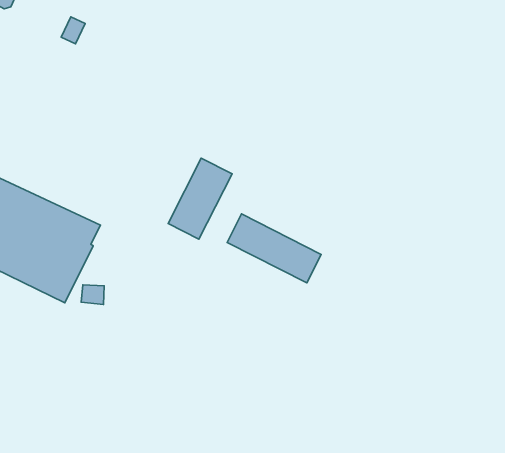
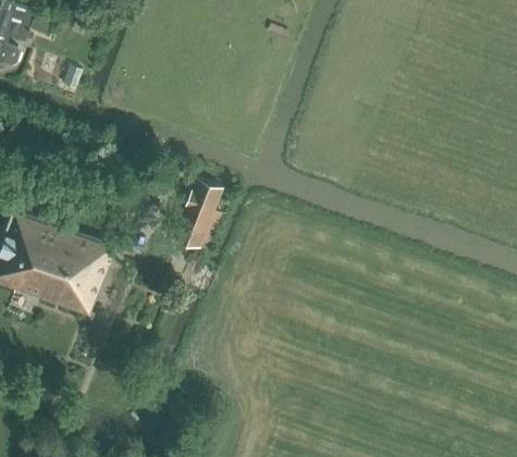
building: [227,214,321,283] -> none

